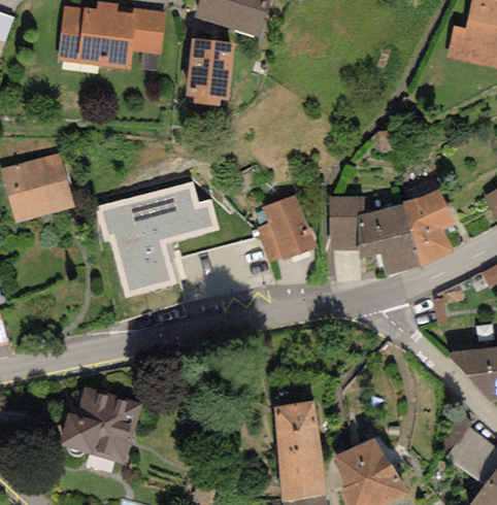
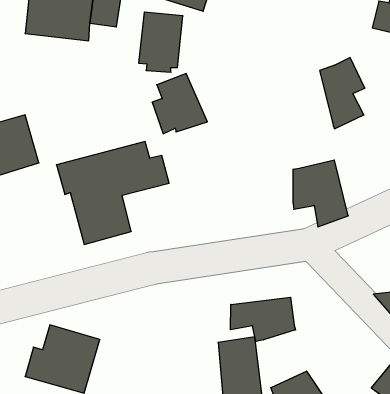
building: [404,189,455,268] -> [320,58,365,129]
building: [257,195,319,262] -> [152,74,207,134]
building: [329,196,365,249] -> none
building: none -> [230,297,296,342]

